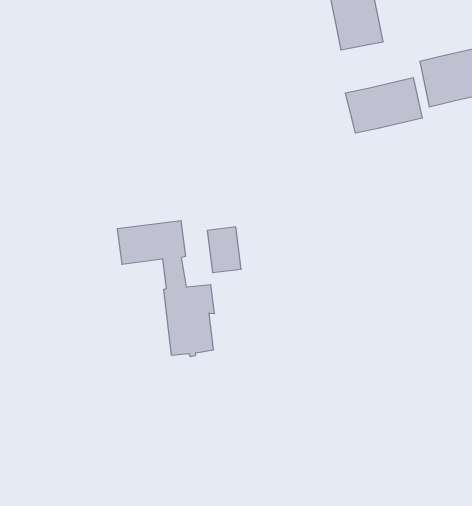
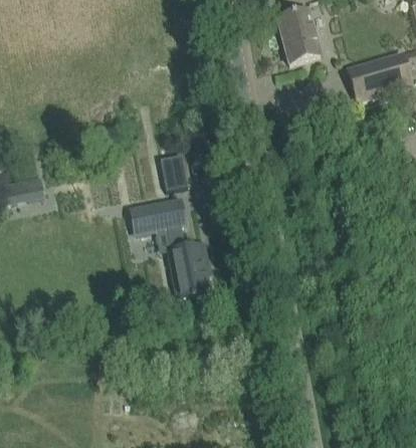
building: [345,78,422,133] -> none
building: [207,227,241,273] -> [161,155,188,190]

